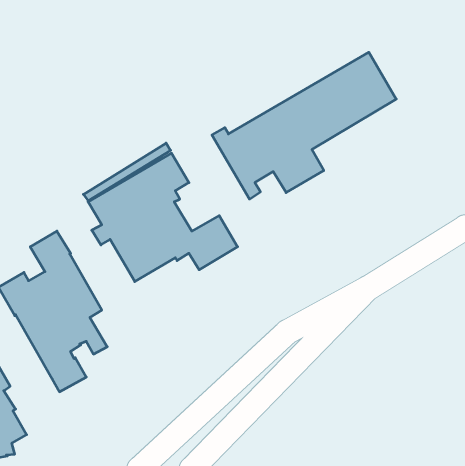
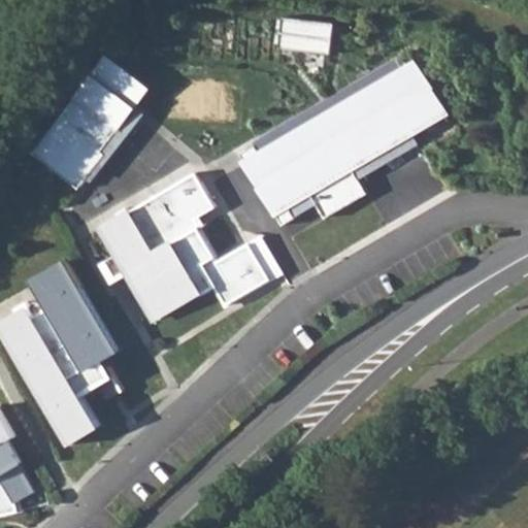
building: none -> [272,18,337,44]
building: none -> [30,57,147,190]

